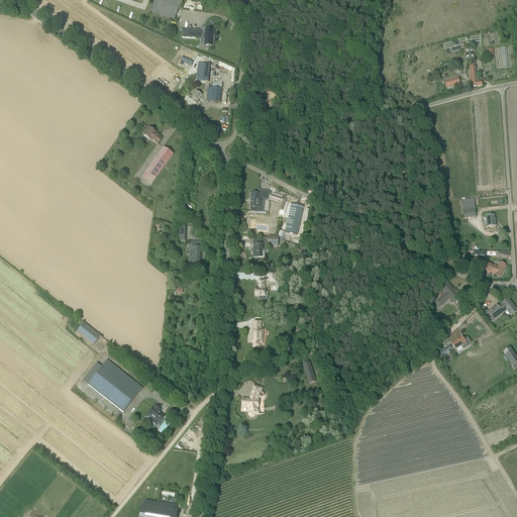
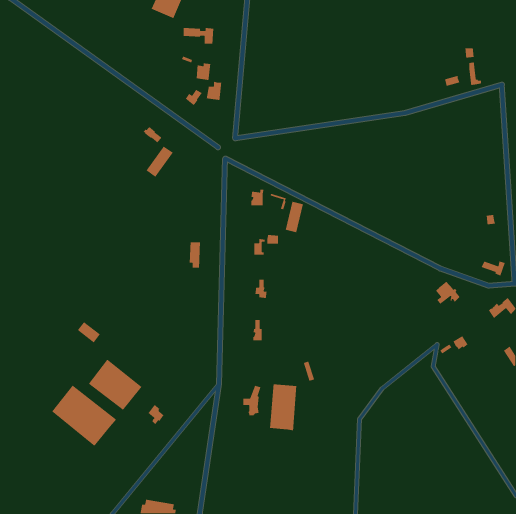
building: none -> [269,384,297,431]
building: none -> [51,384,117,447]

